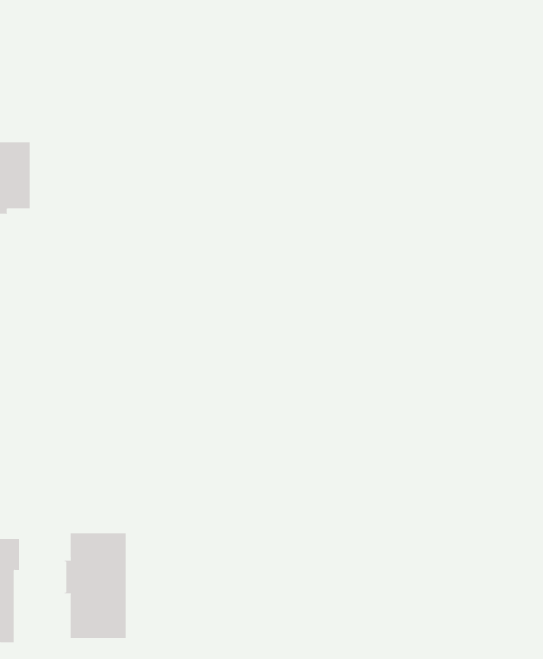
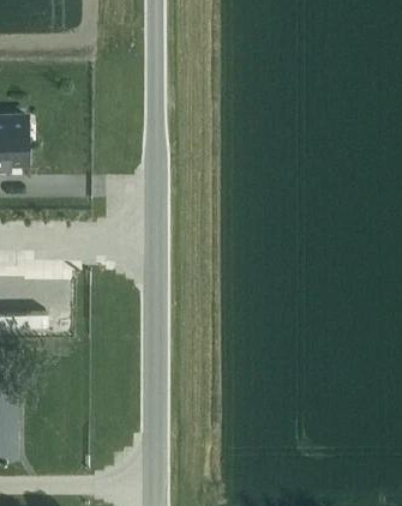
building: [64,532,126,639] -> none

